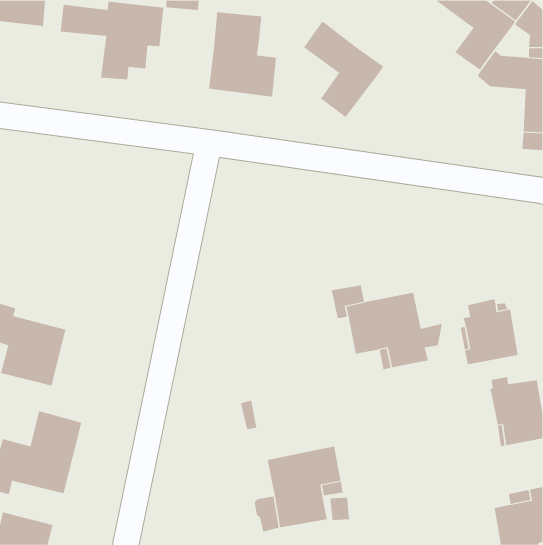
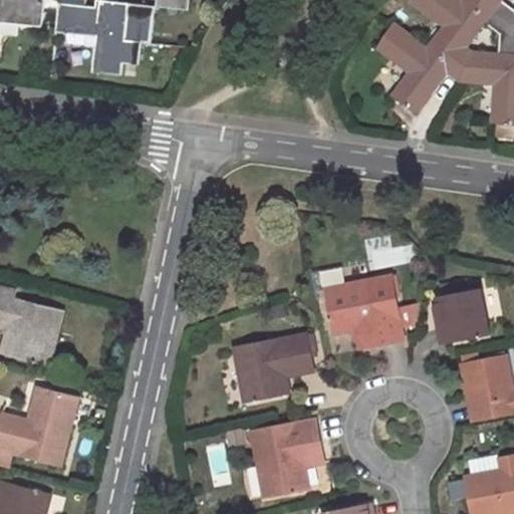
building: [208,12,277,97] -> none
building: [303,21,384,118] -> [375,23,452,114]
building: none -> [233,334,316,403]

